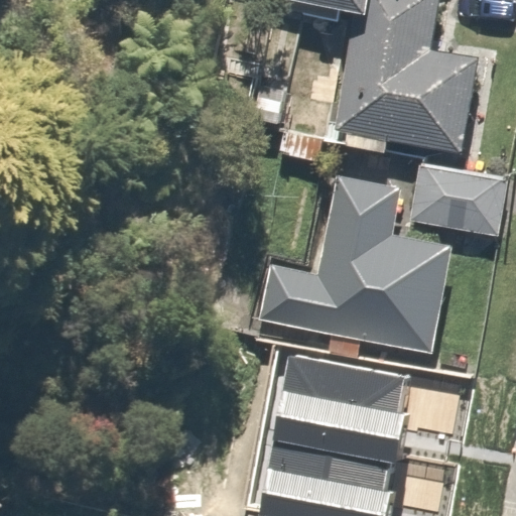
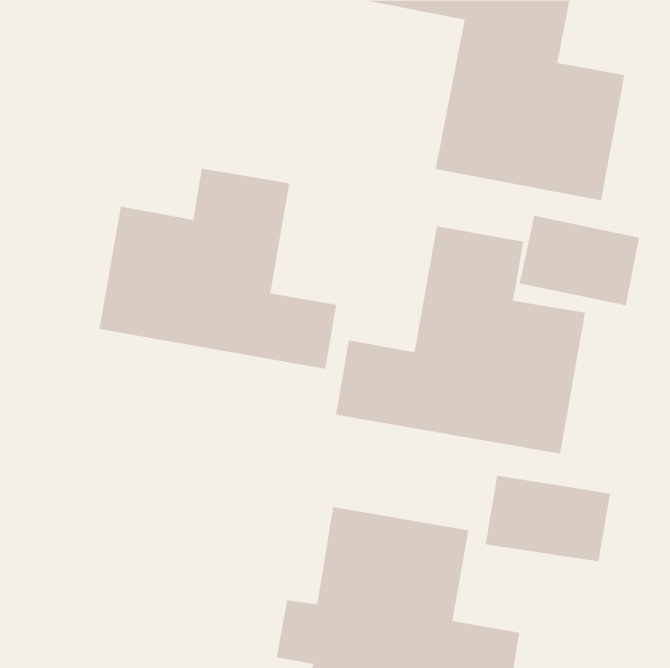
building: none -> [99,168,337,369]

